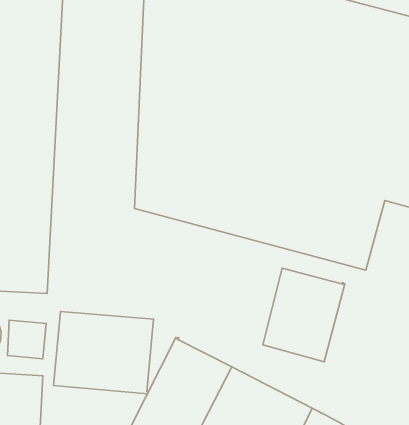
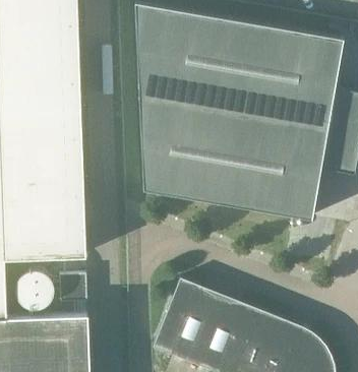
building: [263,268,345,362] -> none
building: [53,311,153,394] -> none

